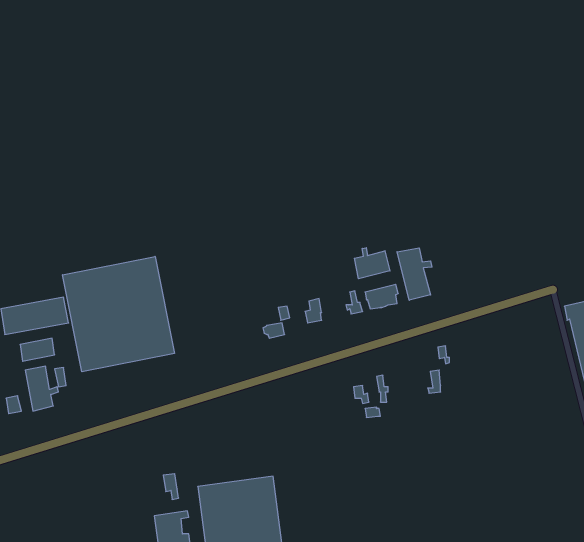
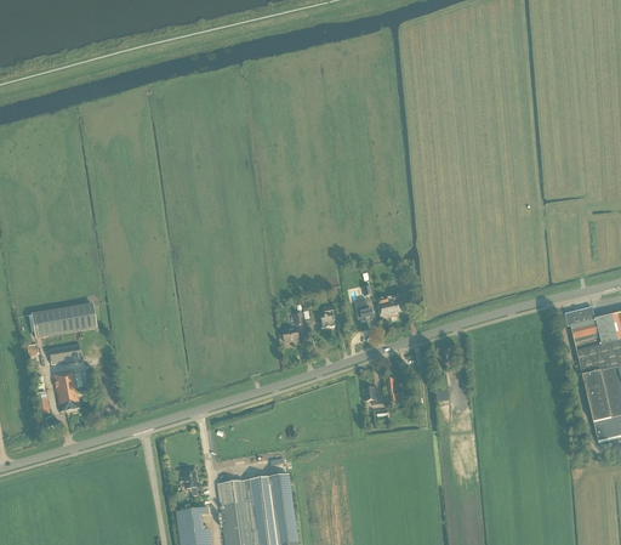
building: [354,248,390,279] -> none
building: [397,248,432,300] -> none
building: [63,256,174,372] -> none

